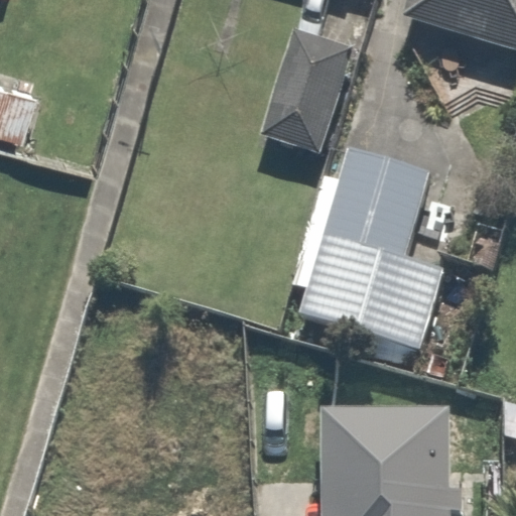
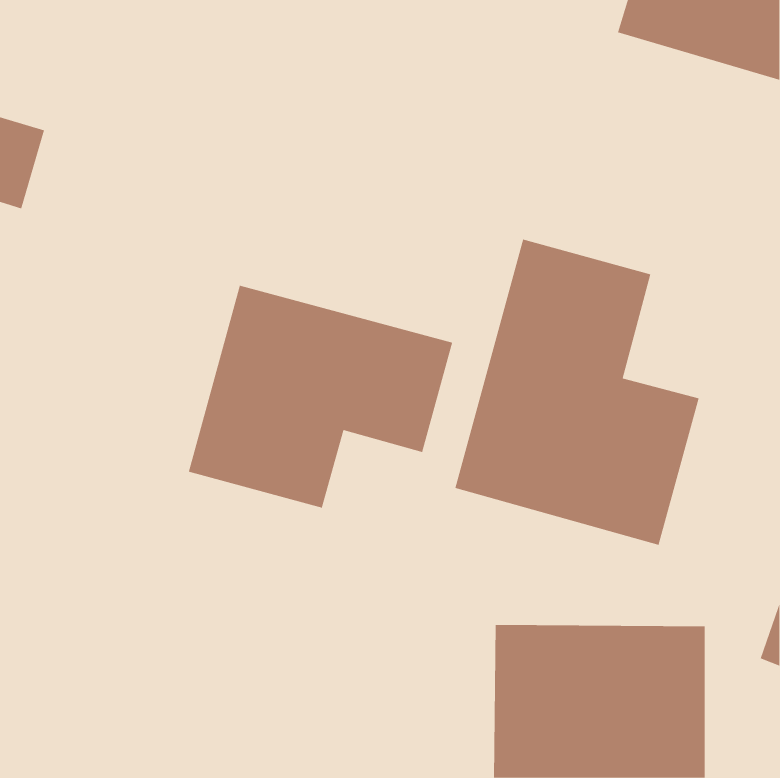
building: [261,18,360,155] -> none
building: none -> [188,285,453,509]

